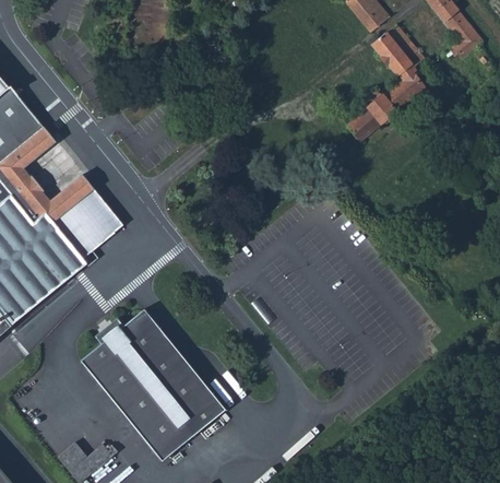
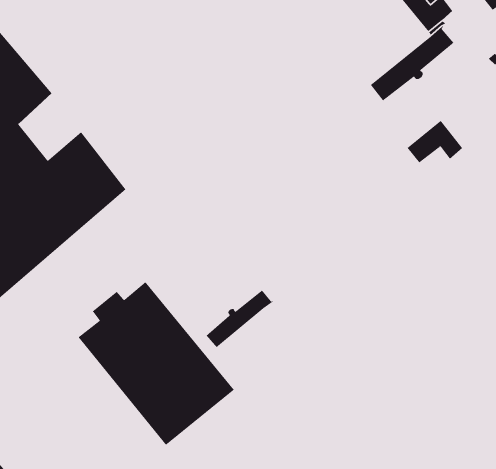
building: none -> [407,120,463,164]
building: none -> [206,289,276,348]

